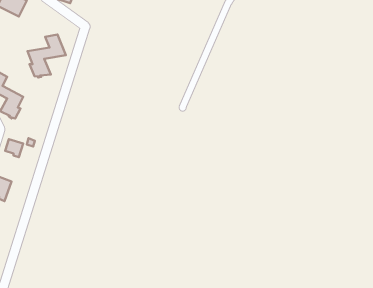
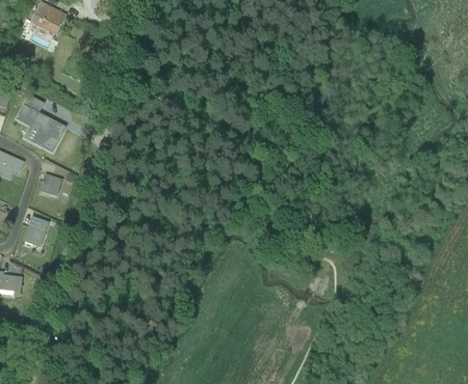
building: [28,34,66,78] -> none

